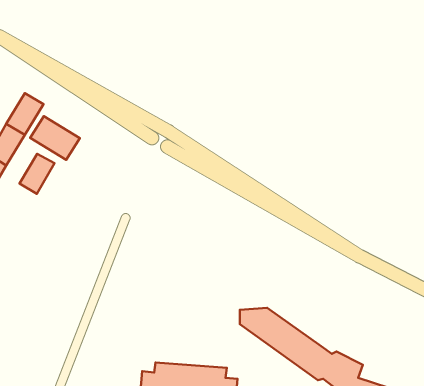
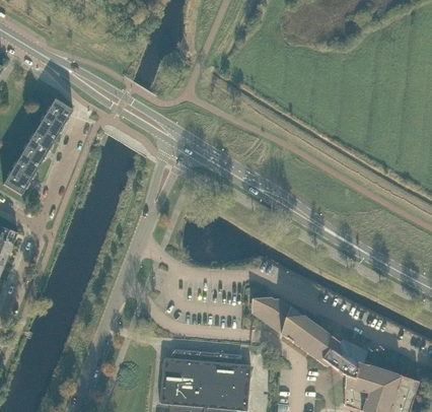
building: [30,116,80,160] -> none
building: [19,154,54,194] -> none

